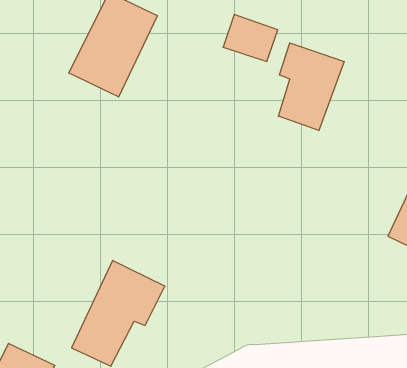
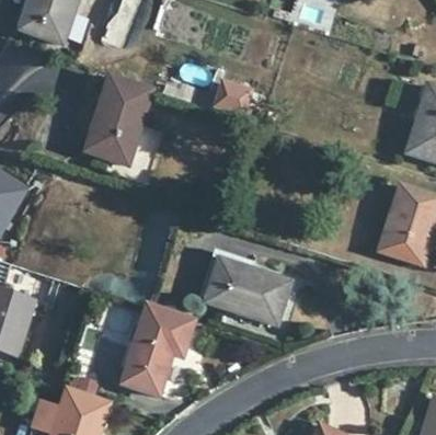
building: [278,43,344,131] -> none
building: none -> [205,260,290,324]

